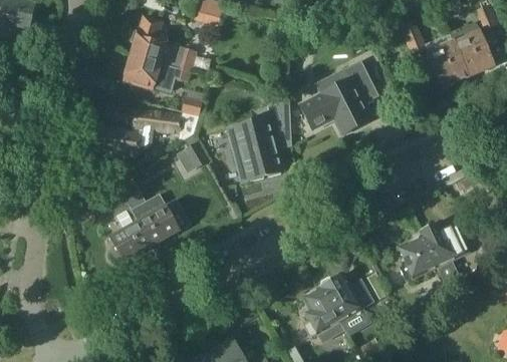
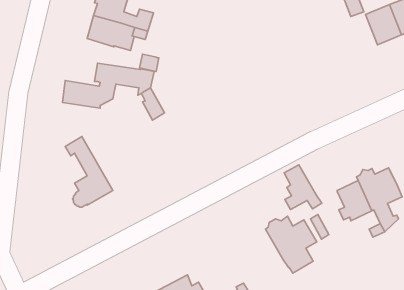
building: [299,62,372,135] -> none
building: [232,99,291,180] -> none
building: [132,195,190,246] -> none
building: [302,288,343,337] -> [284,165,322,210]

